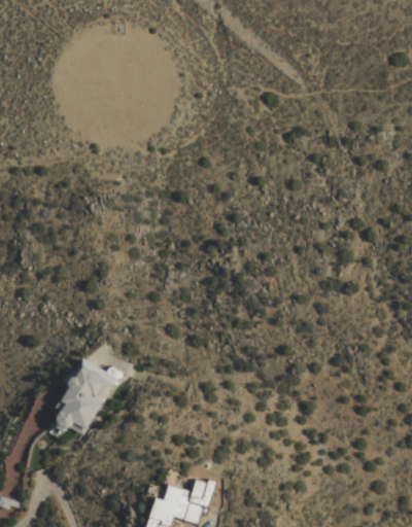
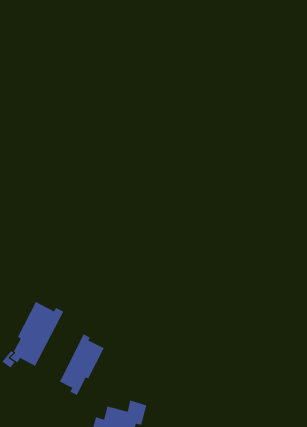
building: none -> [59,333,104,396]

